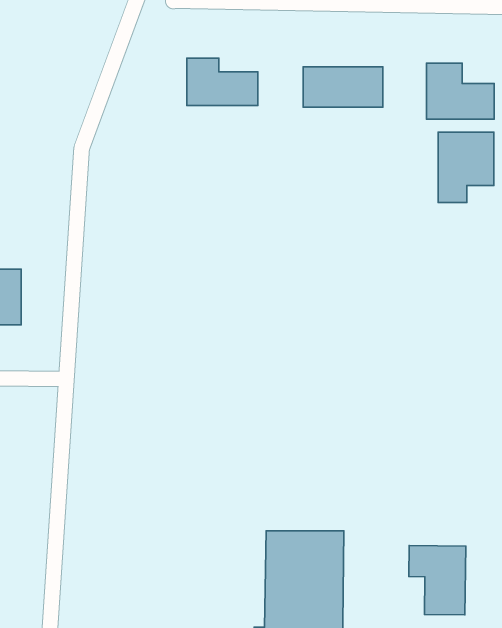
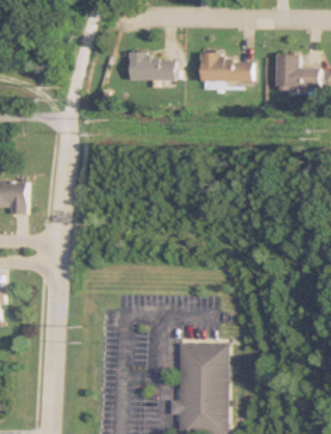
building: [438,132,494,203] -> none
building: [409,546,466,615] -> none

